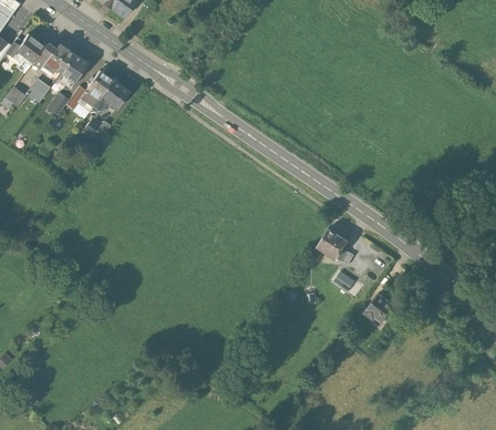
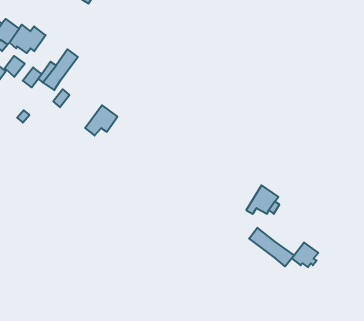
building: [55,54,90,88] -> none
building: [93,80,131,115] -> [85,105,117,136]
building: none -> [249,228,294,266]

